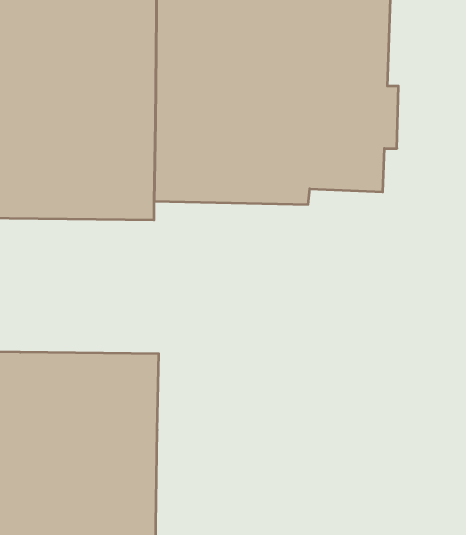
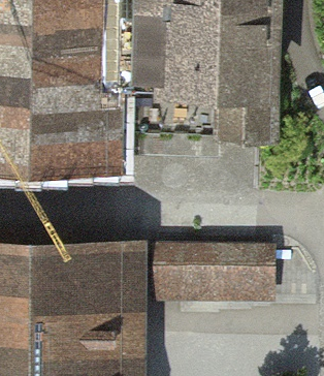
building: none -> [152,247,267,293]

